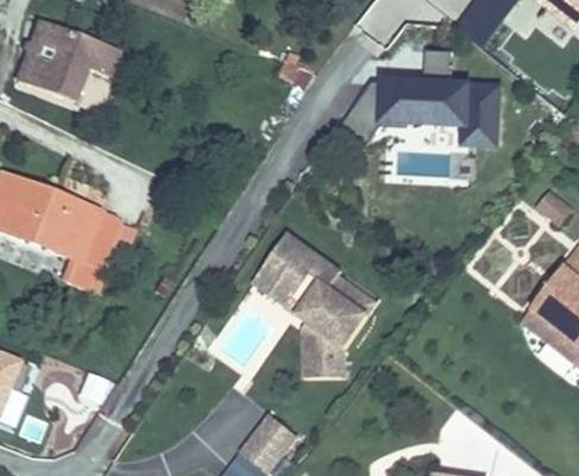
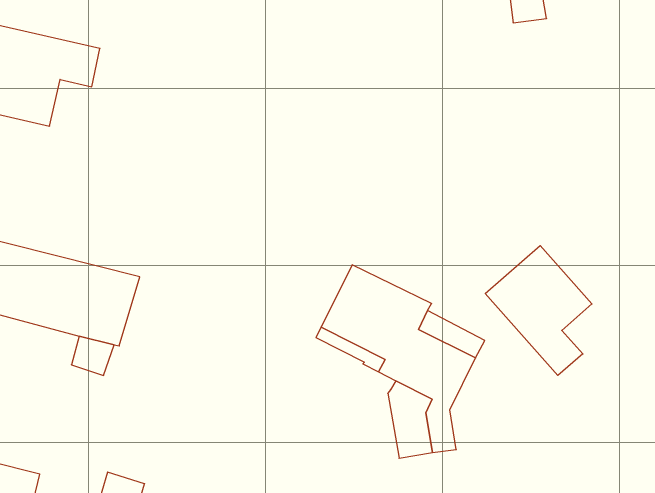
building: [350,69,501,168] -> none
building: none -> [485,246,592,375]

